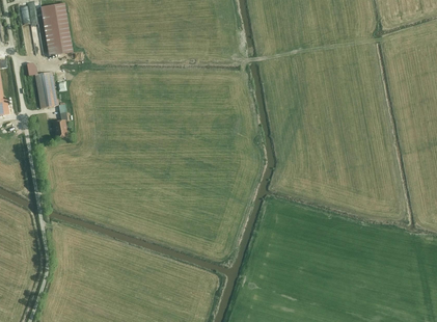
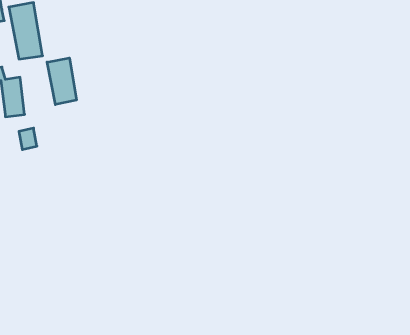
building: none -> [47,58,76,105]

